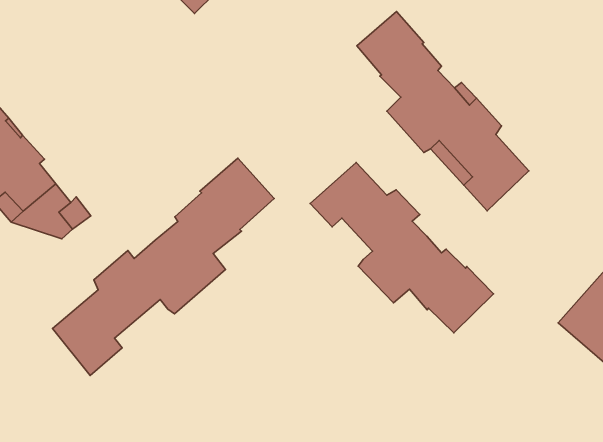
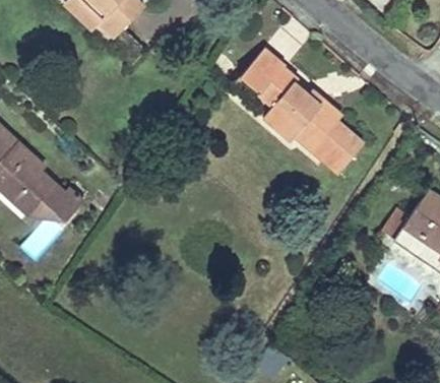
building: [53,158,274,375] -> none
building: [310,162,494,333] -> none

